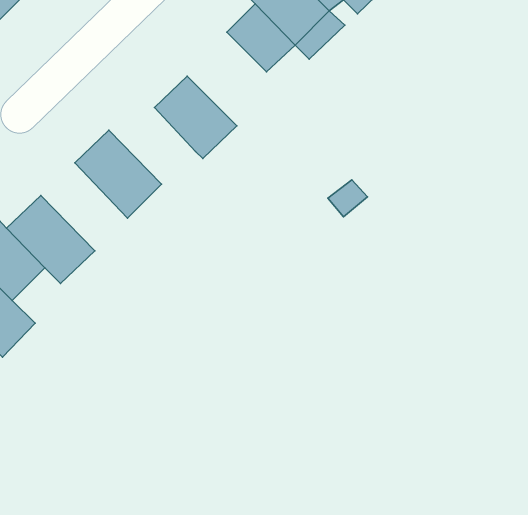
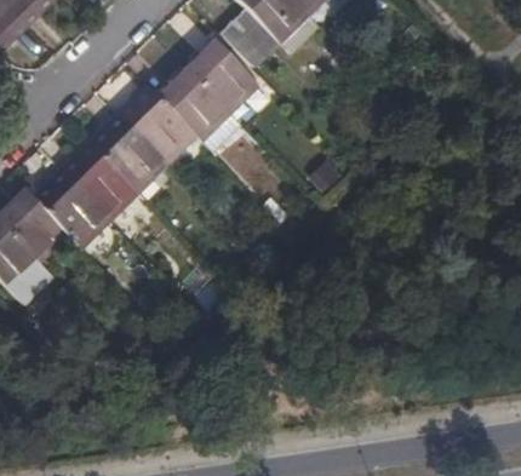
building: none -> [188,44,257,113]
building: none -> [121,88,195,162]
building: none -> [63,144,137,219]

